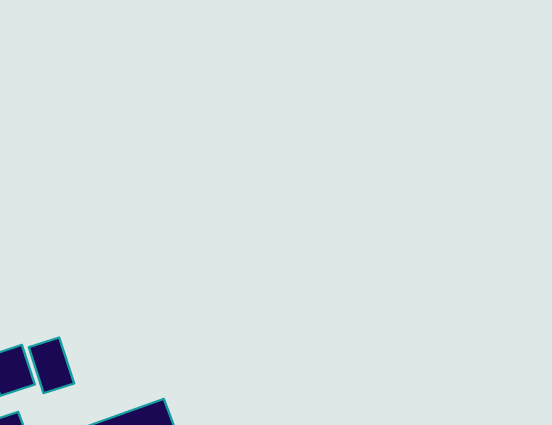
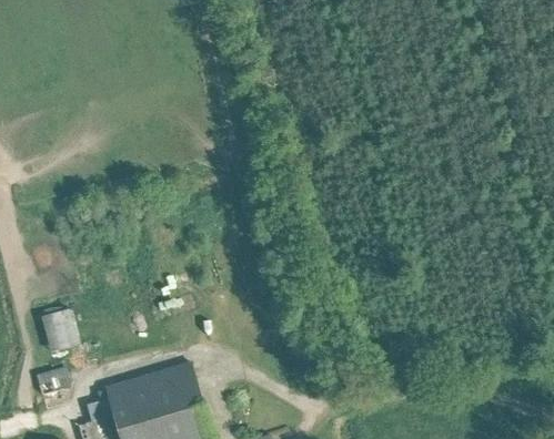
building: [29,337,74,393] -> none

